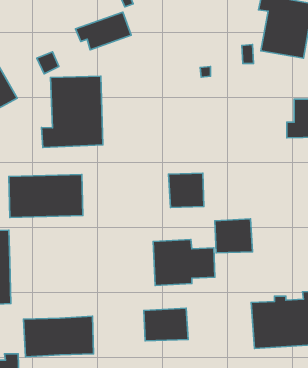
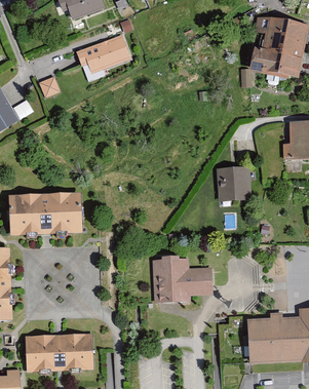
building: [42,76,103,147] -> none
building: [168,173,204,208] -> [217,165,252,199]
building: [215,219,252,253] -> none
building: [144,308,188,341] -> none

